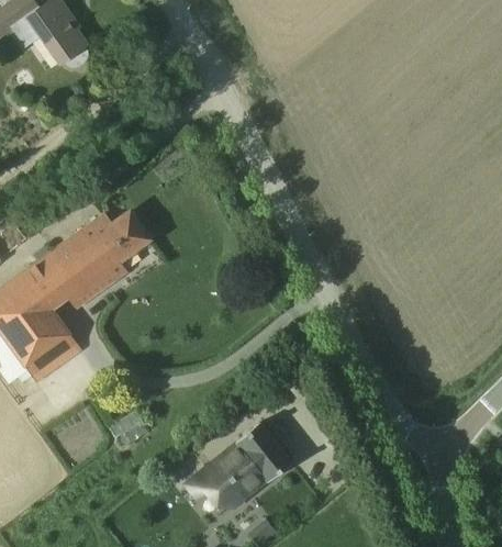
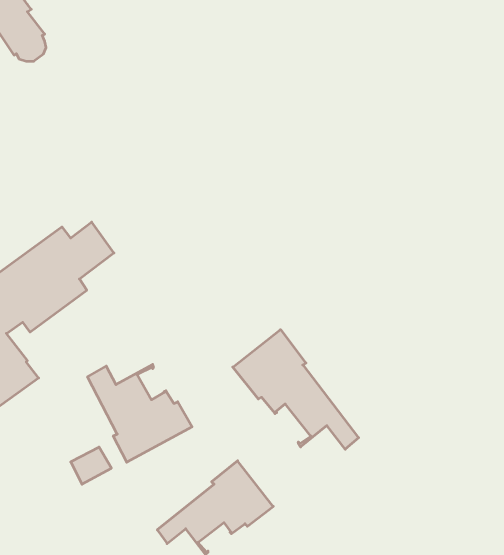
building: none -> [233,330,359,449]
building: none -> [88,364,192,462]

